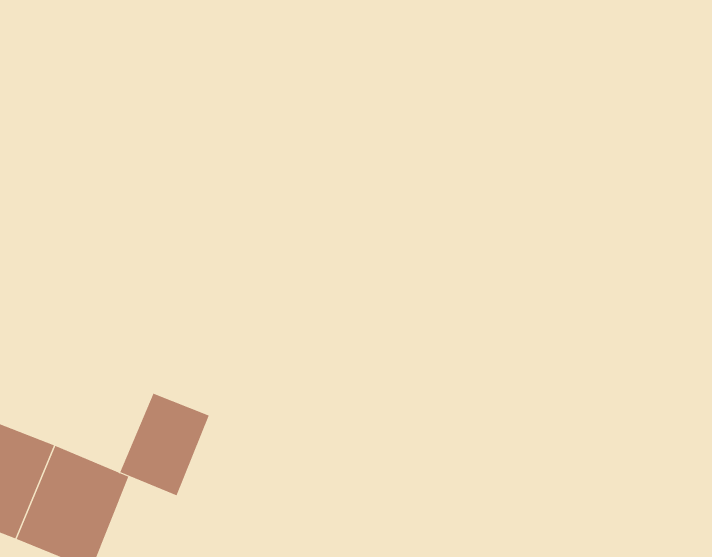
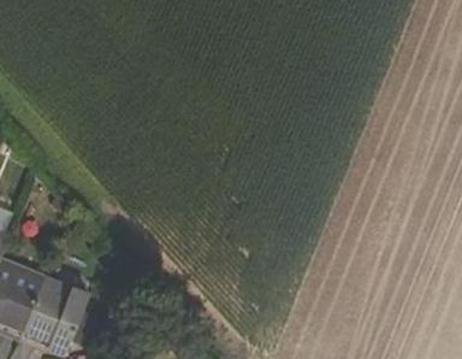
building: [119,393,209,496] -> none

